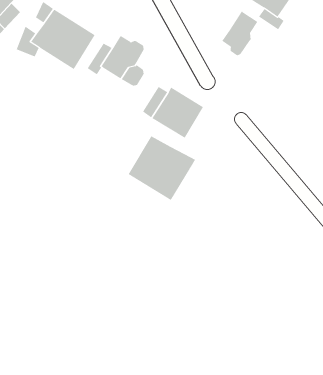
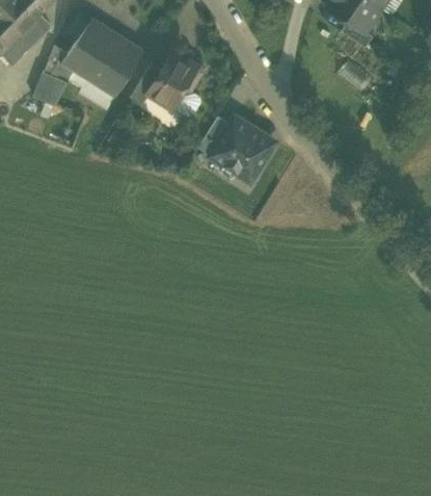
building: [221,11,258,56] -> none
building: none -> [36,71,69,102]
building: [128,135,196,201] -> none

